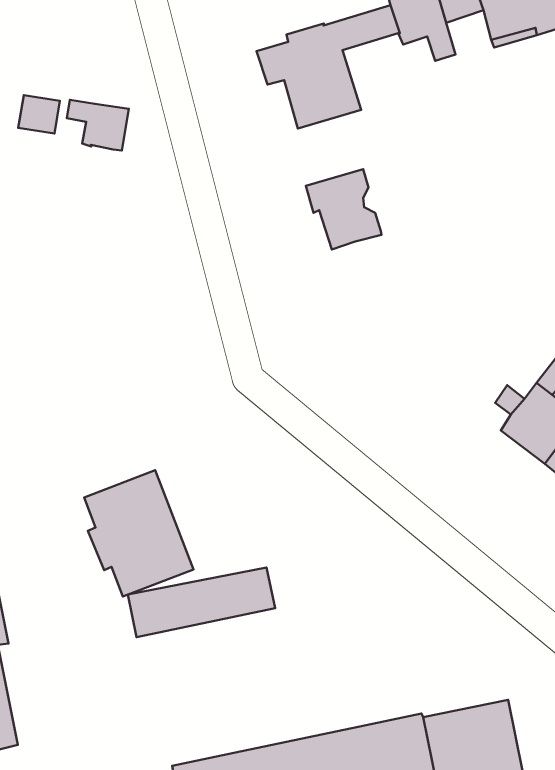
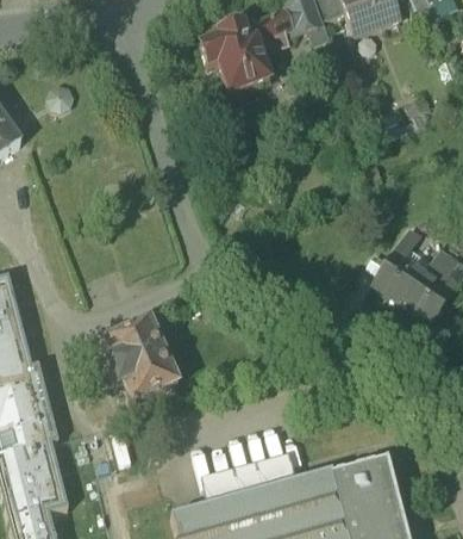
building: [67,100,129,151] -> none
building: [306,169,381,250] -> none
building: [128,567,275,637] -> [199,454,295,504]

